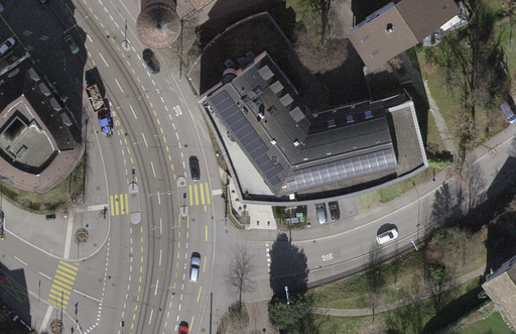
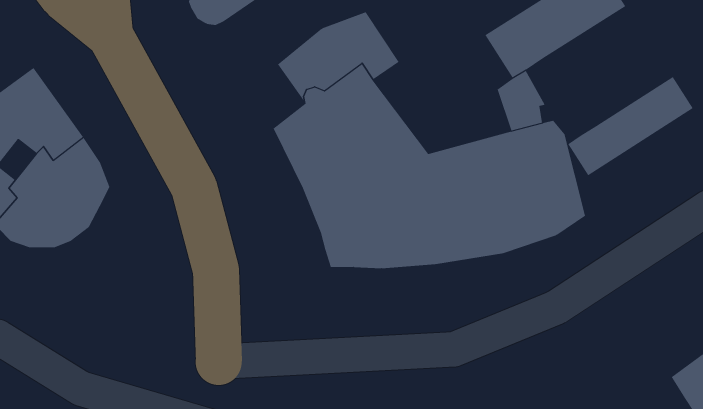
building: none -> [568,76,694,176]

